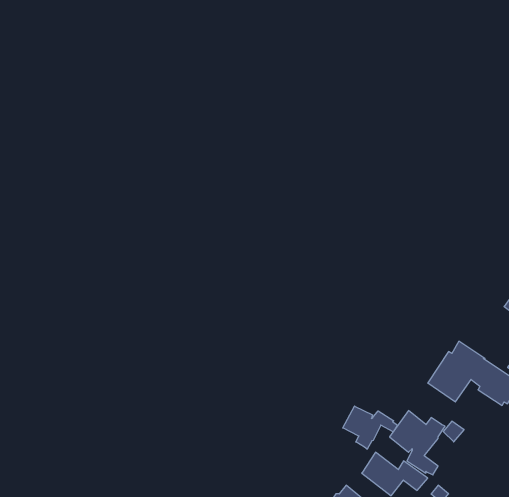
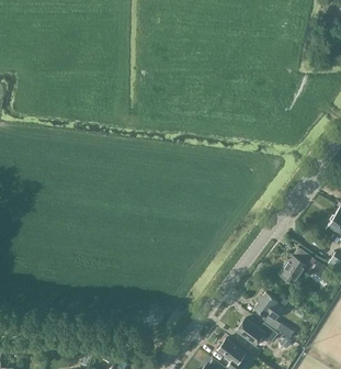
building: [343,406,398,449] -> none

